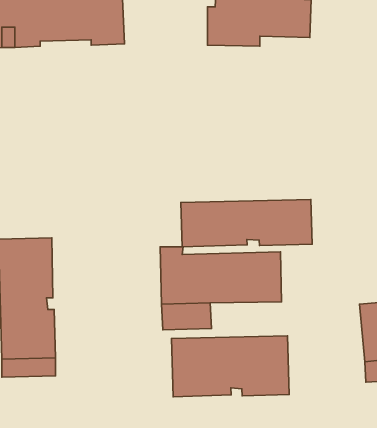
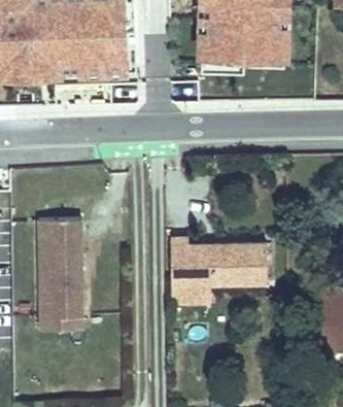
building: [181,200,312,247] -> none
building: [172,336,289,397] -> none

